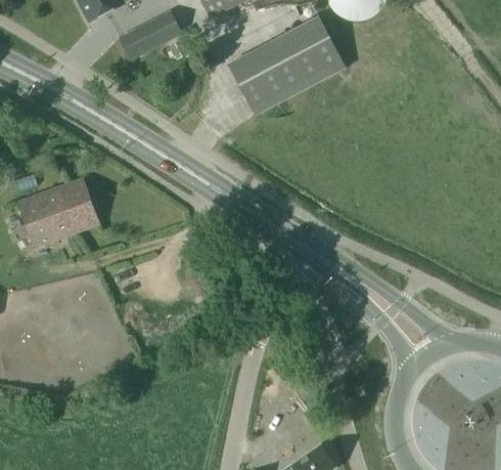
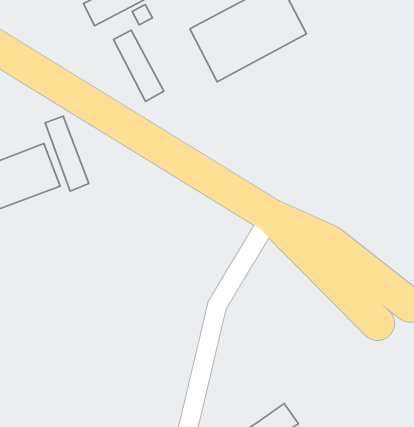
building: none -> [114,30,164,101]
building: none -> [45,116,89,191]

